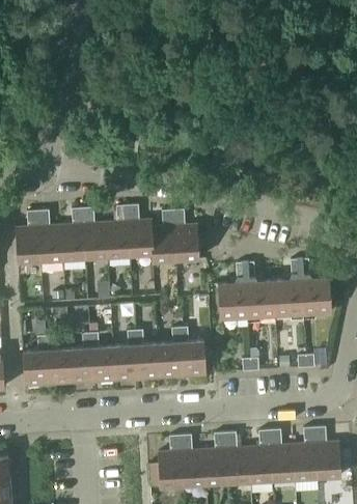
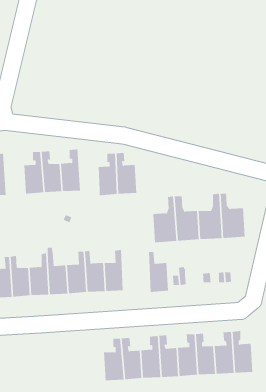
building: [128,204,153,256] -> none
building: [37,211,63,261] -> none
building: [181,328,205,377] -> [148,252,169,292]

